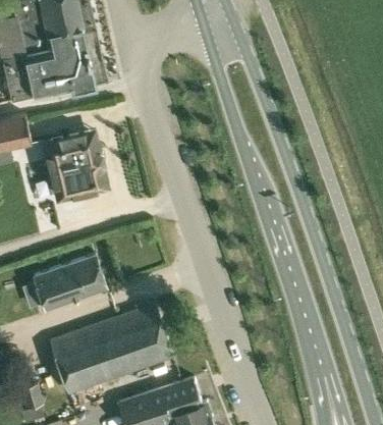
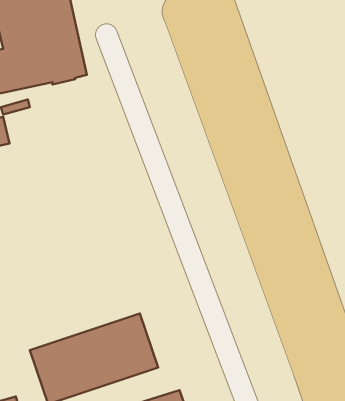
building: [45,134,103,199] -> none
building: [32,254,107,311] -> none

